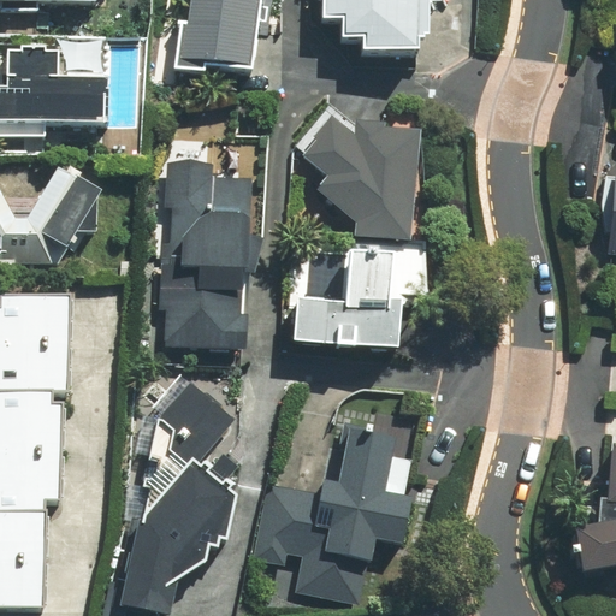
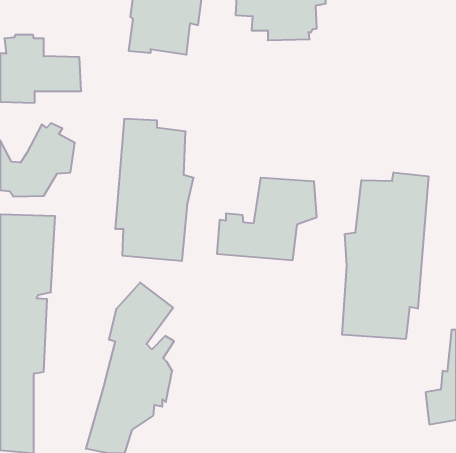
building: [295,112,419,239] -> none
building: none -> [342,172,428,339]
building: [253,417,411,603] -> none

